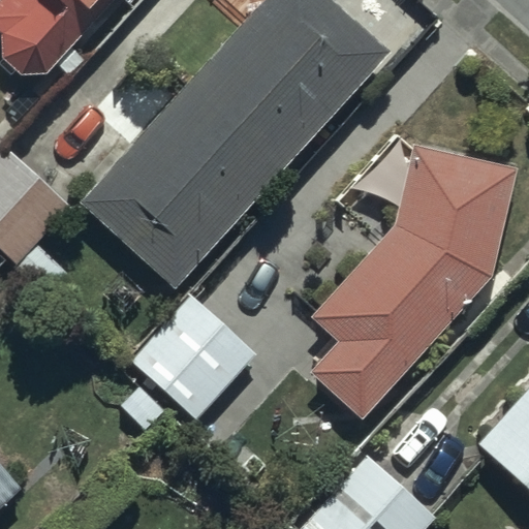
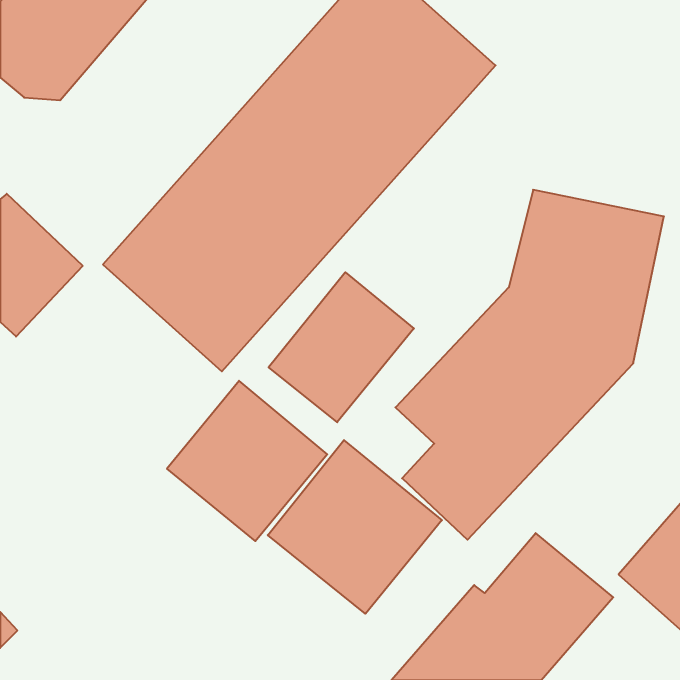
building: none -> [269,272,414,422]
building: none -> [268,440,442,614]

